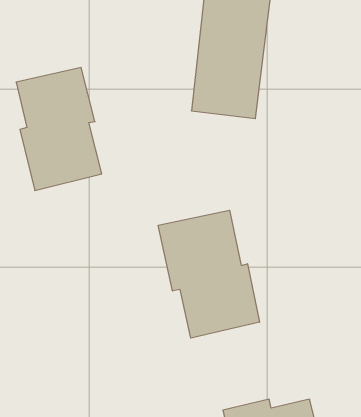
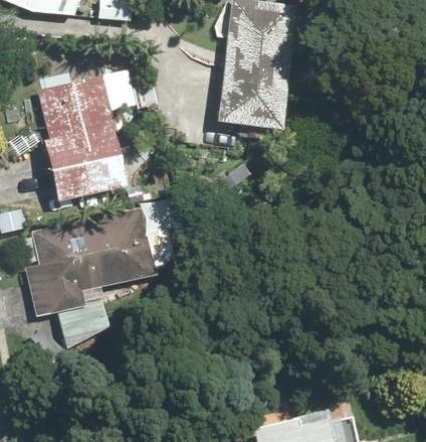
building: none -> [27,208,158,344]
building: [158,210,259,338] -> none

